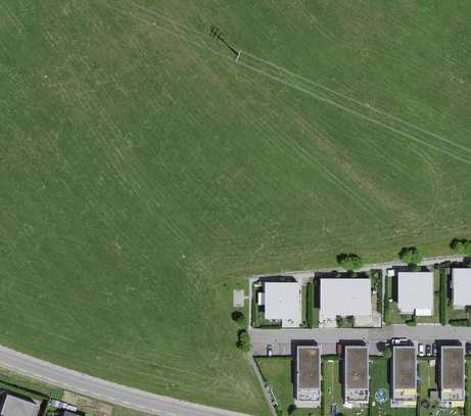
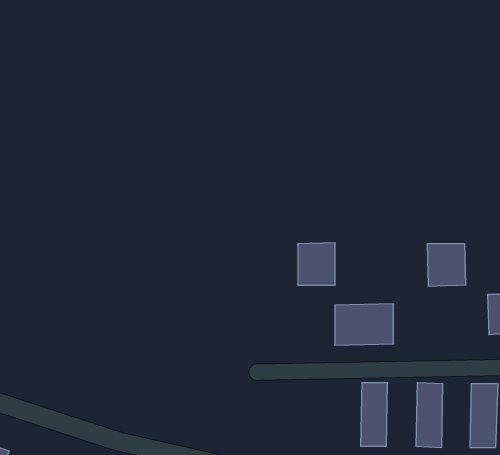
building: [399,273,433,310] -> [427,244,466,286]
building: [267,281,299,318] -> [298,243,335,285]
building: [295,346,320,402] -> none

